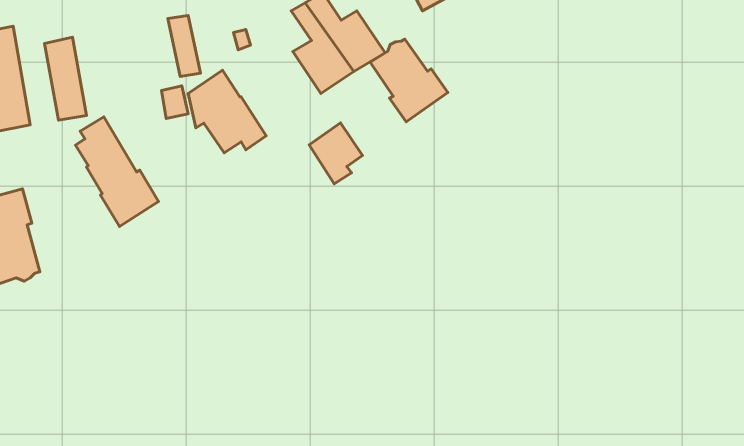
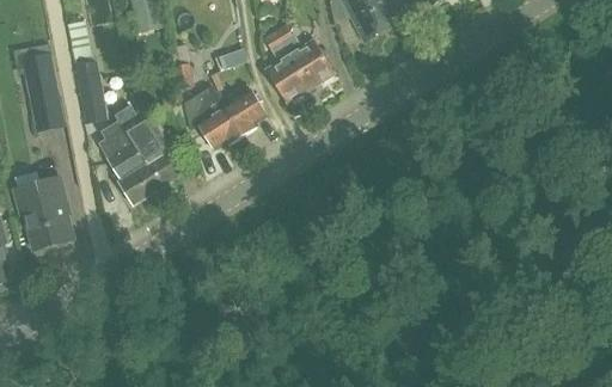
building: [370,39,448,122] -> none
building: none -> [116,104,179,185]
building: [309,123,362,184] -> [225,88,265,135]

